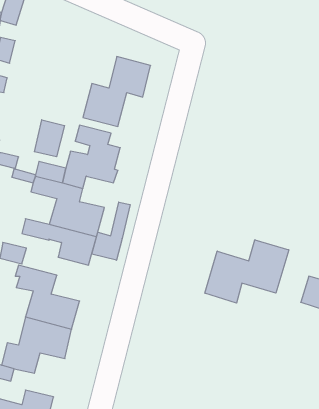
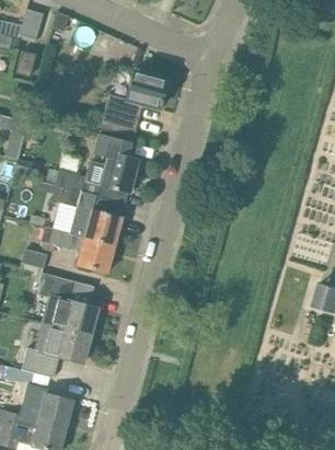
building: [34,120,65,157] -> none
building: [92,202,130,260] -> none
building: [205,240,289,303] -> none

